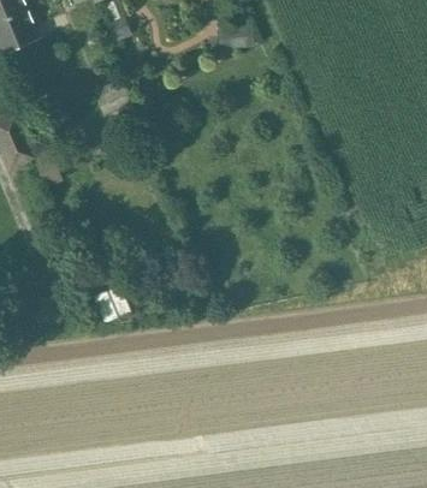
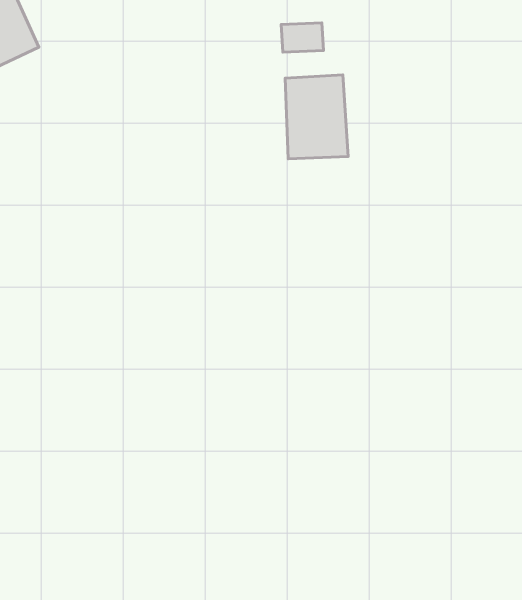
building: none -> [285,75,348,159]

